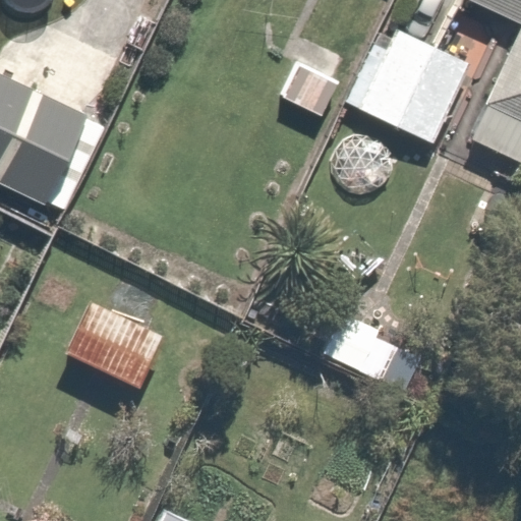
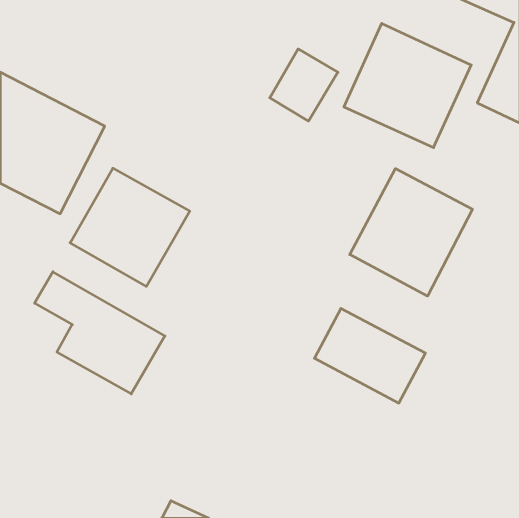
building: none -> [70,168,190,286]
building: none -> [350,169,472,296]

